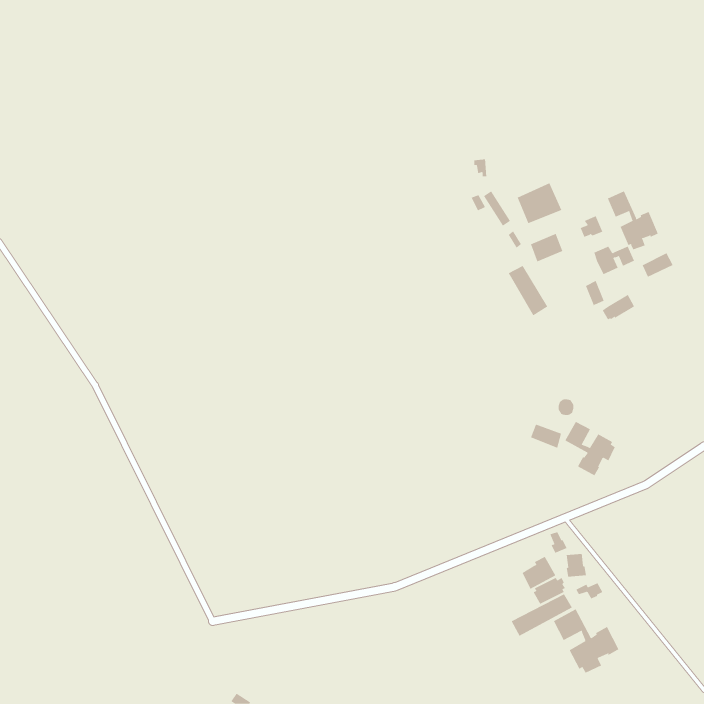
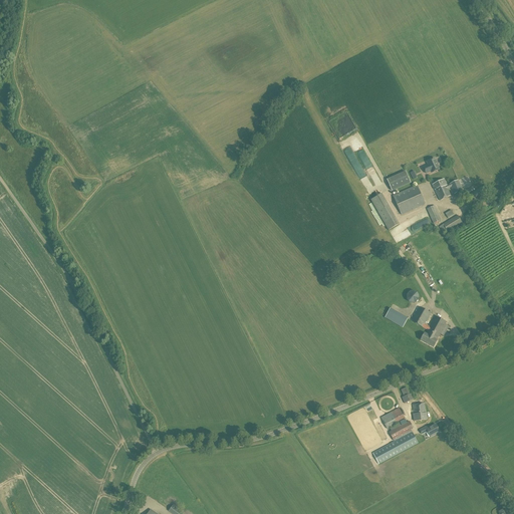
building: [517,182,562,224] -> [392,184,425,214]
building: [607,191,659,250] -> none
building: [553,609,619,673] -> none

